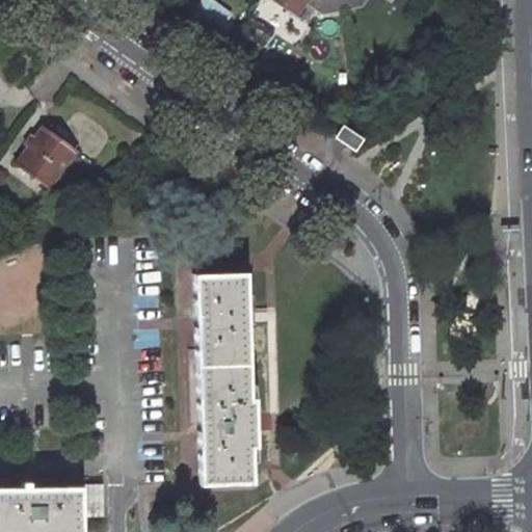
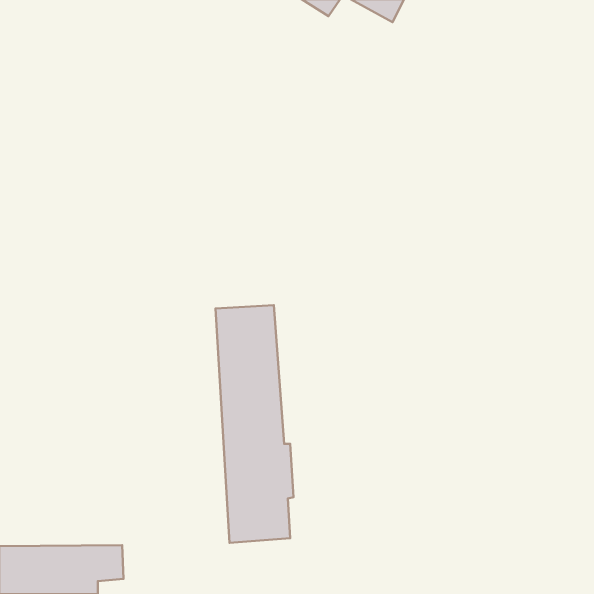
building: [14,129,89,194] -> none

